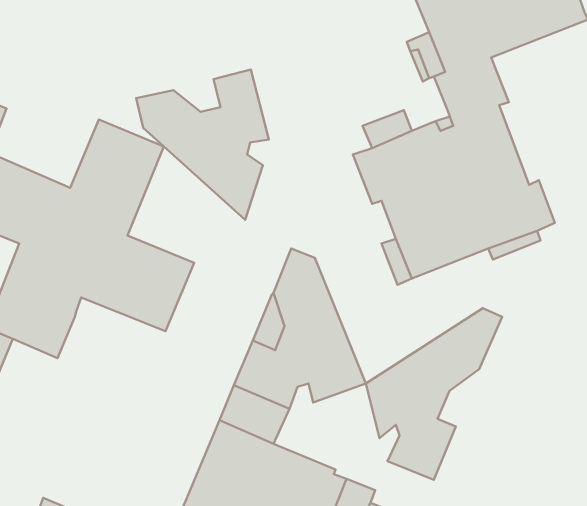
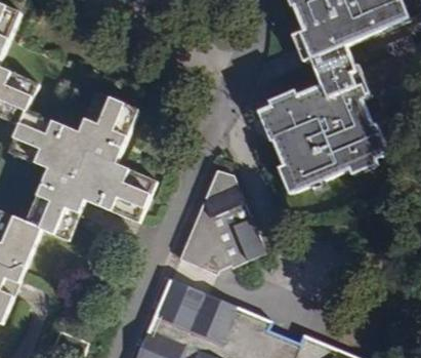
building: [136,69,269,220] -> none
building: [366,308,502,480] -> none

